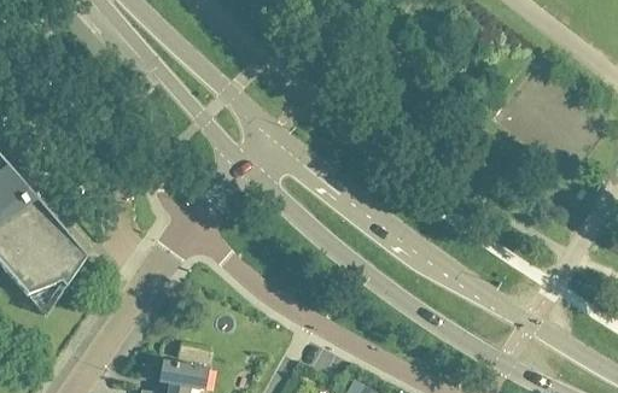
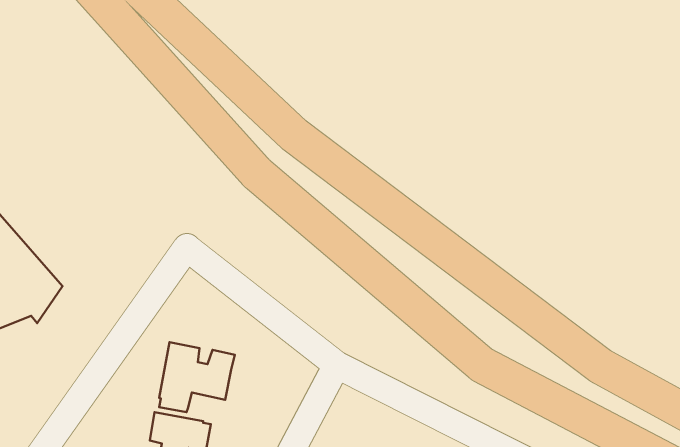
building: none -> [159,342,235,412]

